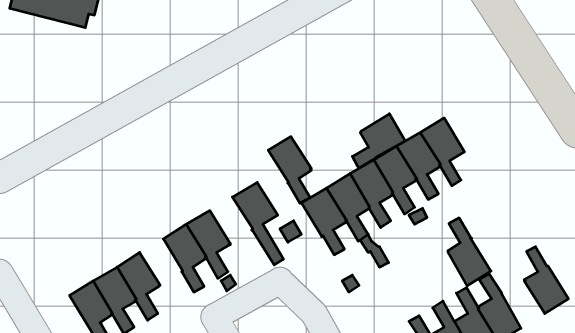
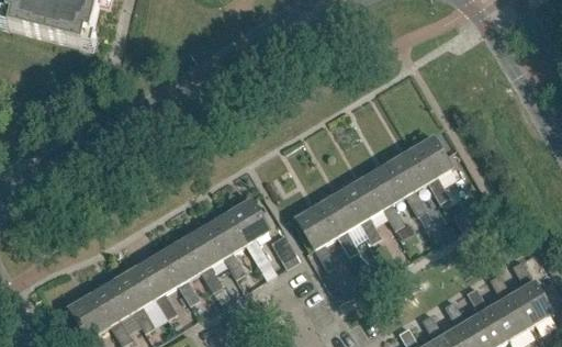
building: [352,114,405,168] -> none
building: [268,137,311,203] -> [204,213,246,278]
building: [448,218,491,286] -> [487,275,529,340]
building: none -> [136,254,178,318]

